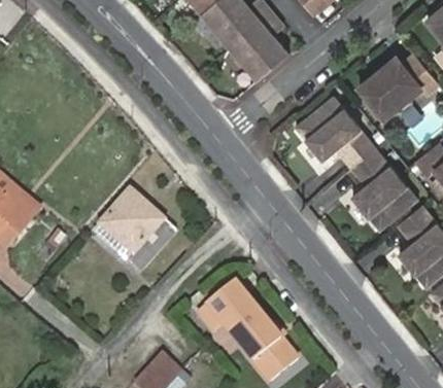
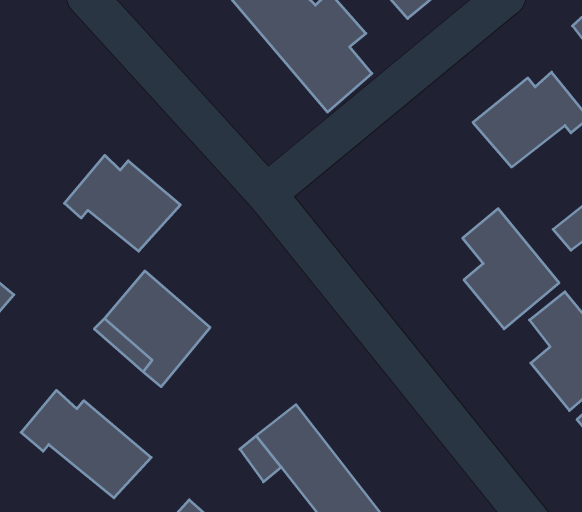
building: [296,97,376,169] -> none
building: none -> [64,155,180,251]
building: none -> [21,390,151,498]

